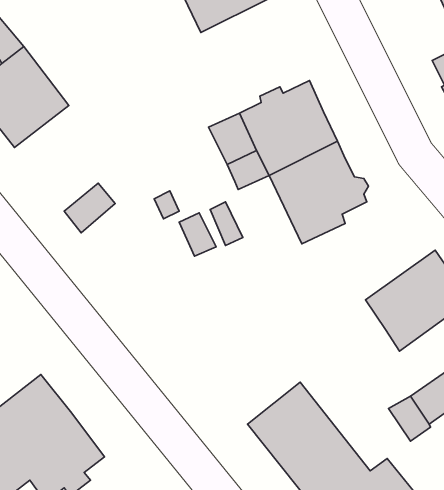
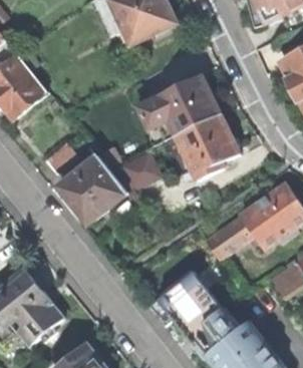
building: none -> [57,154,125,223]
building: none -> [202,217,250,260]

